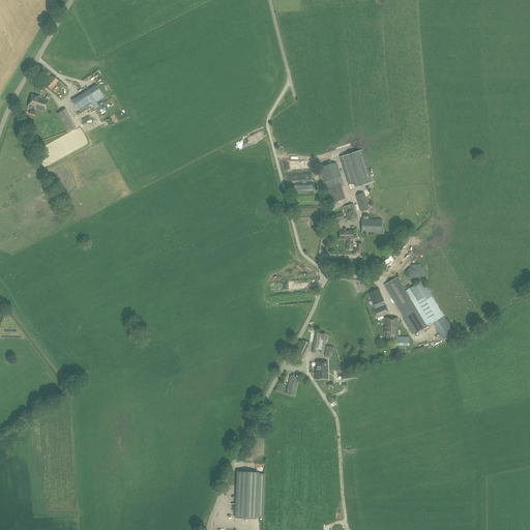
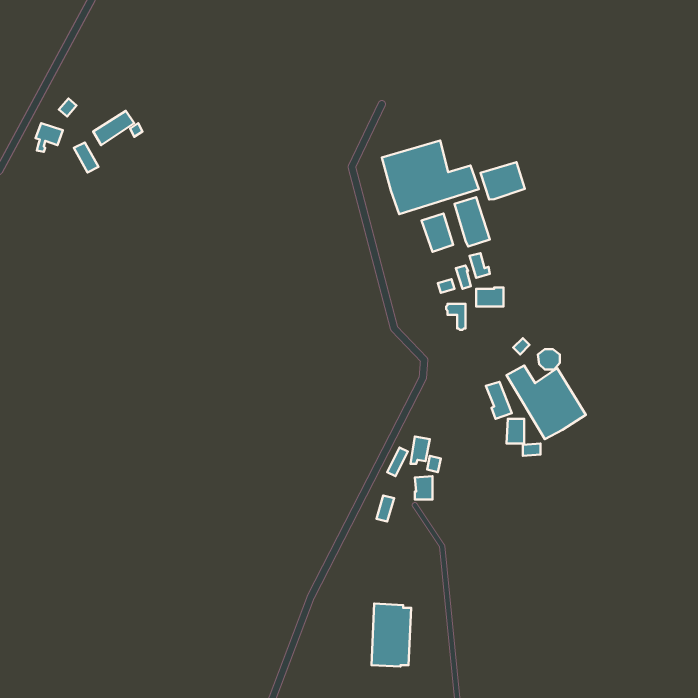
building: none -> [382,140,479,214]
building: none -> [481,162,525,200]
building: [234,470,264,518] -> [372,604,411,667]

